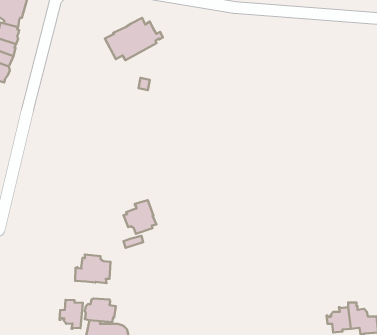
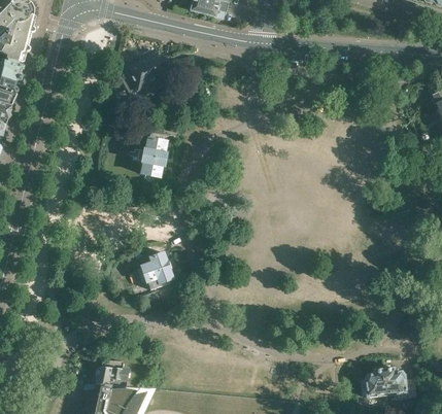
building: none -> [141,134,167,180]
building: [75,255,111,283] -> none
building: [60,300,83,329] -> none

